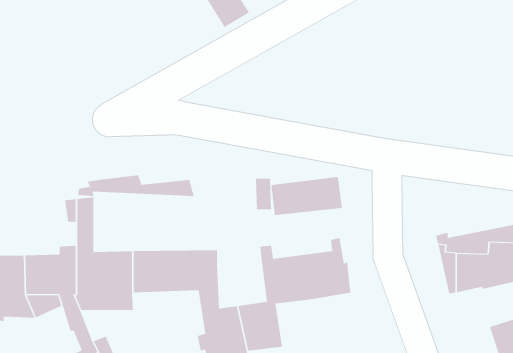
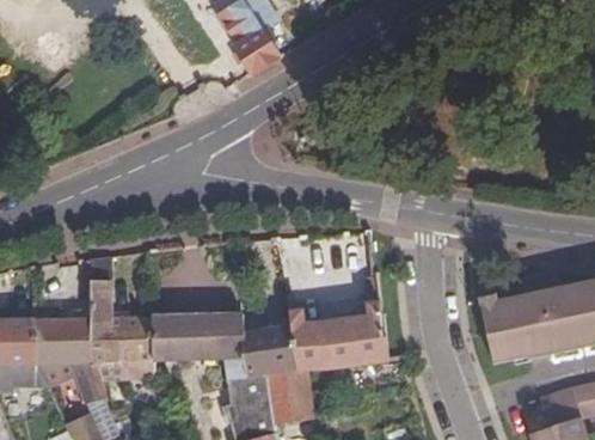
building: [78,175,194,197] -> none
building: [271,176,343,216] -> none
building: none -> [244,323,296,375]

